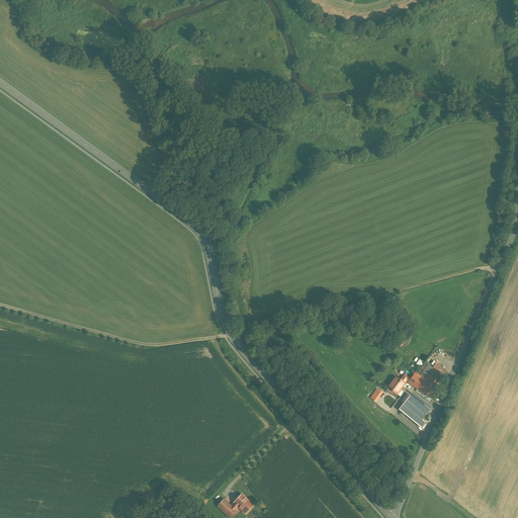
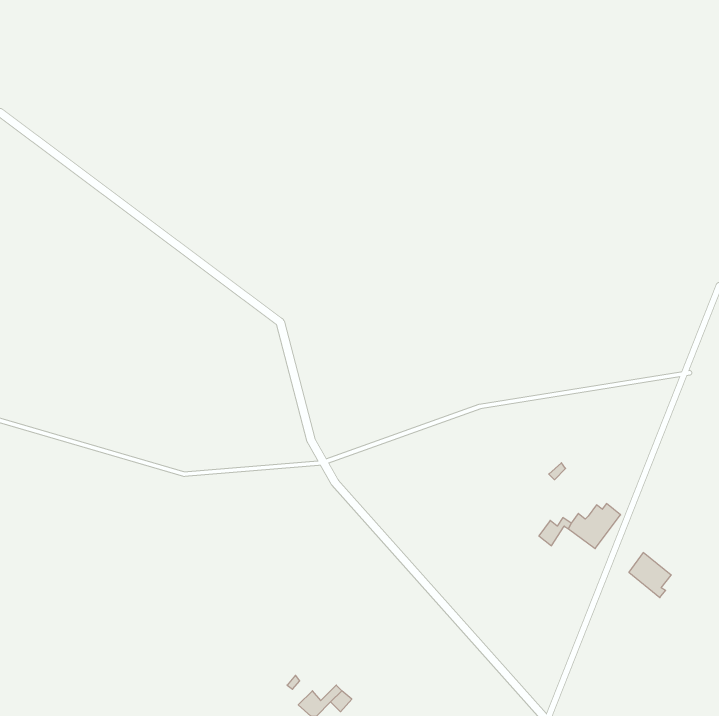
building: [399,394,429,426] -> [629,553,671,598]

